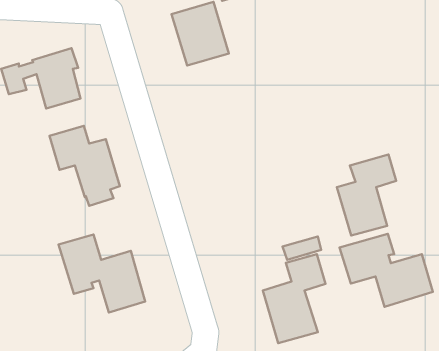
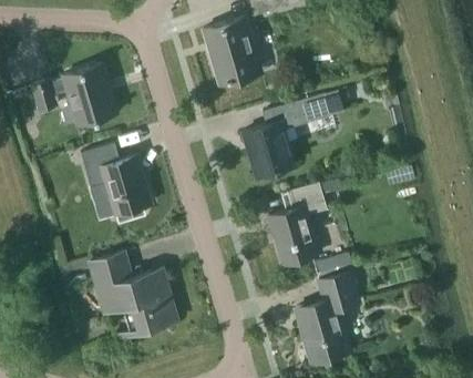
building: none -> [243,94,331,177]
building: [337,154,396,236] -> [267,184,327,266]
building: [340,234,433,307] -> none

